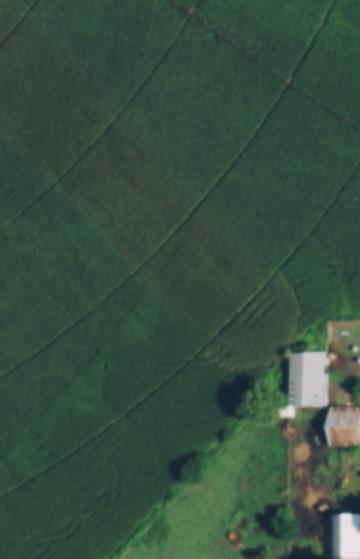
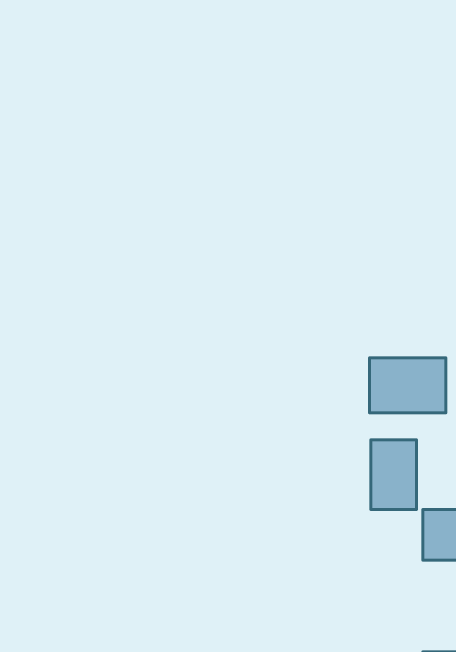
building: none -> [369,358,446,413]

